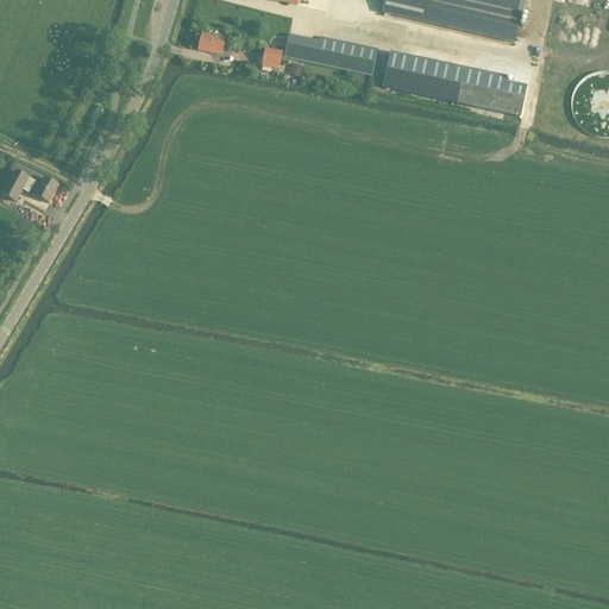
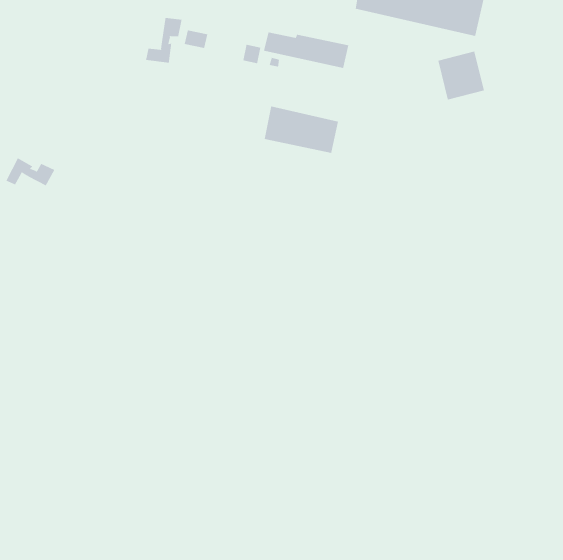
building: none -> [145,17,182,63]
building: [383,51,464,102] -> [264,106,339,153]

